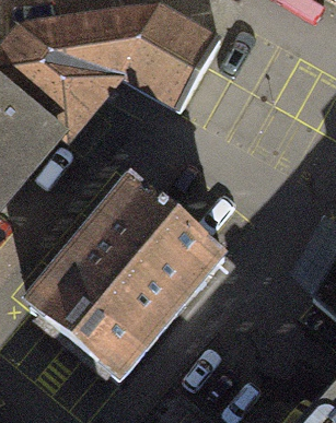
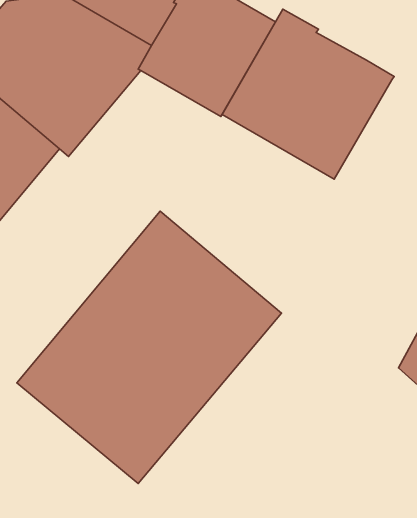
building: none -> [222,9,394,179]

